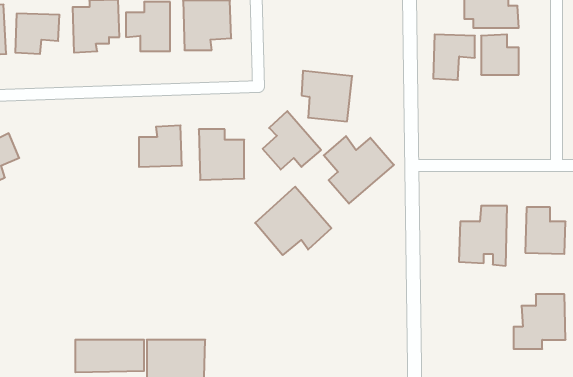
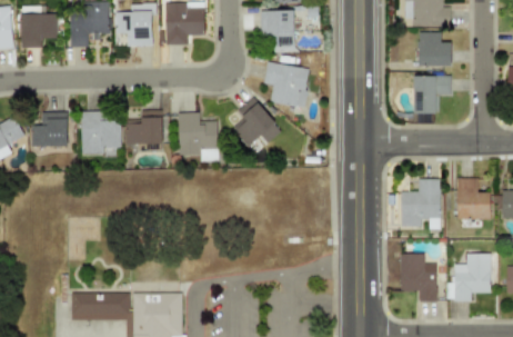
building: none -> [260,10,295,52]
building: [433,34,475,80] -> [414,75,450,113]
building: none -> [81,110,122,153]
building: none -> [32,112,69,147]
building: [324,136,394,204] -> none
building: [255,187,331,255] -> none
building: none -> [399,252,436,301]

